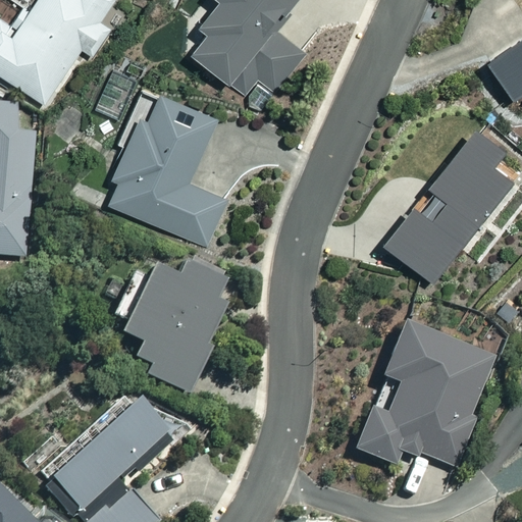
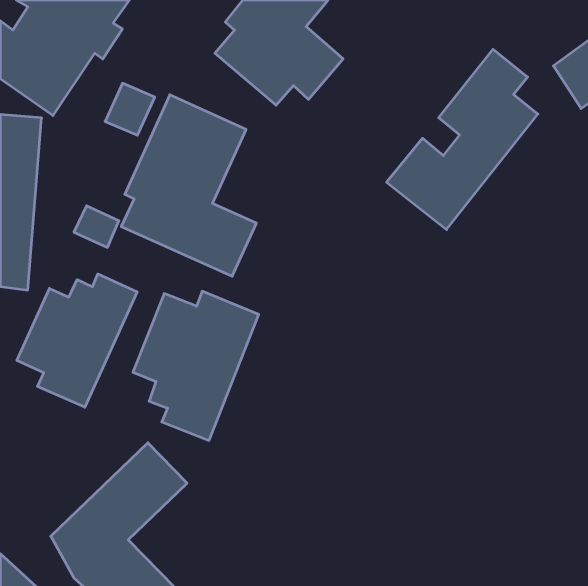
building: [380,121,514,280] -> [387,49,538,230]
building: none -> [17,274,137,407]
building: [354,324,491,469] -> none

